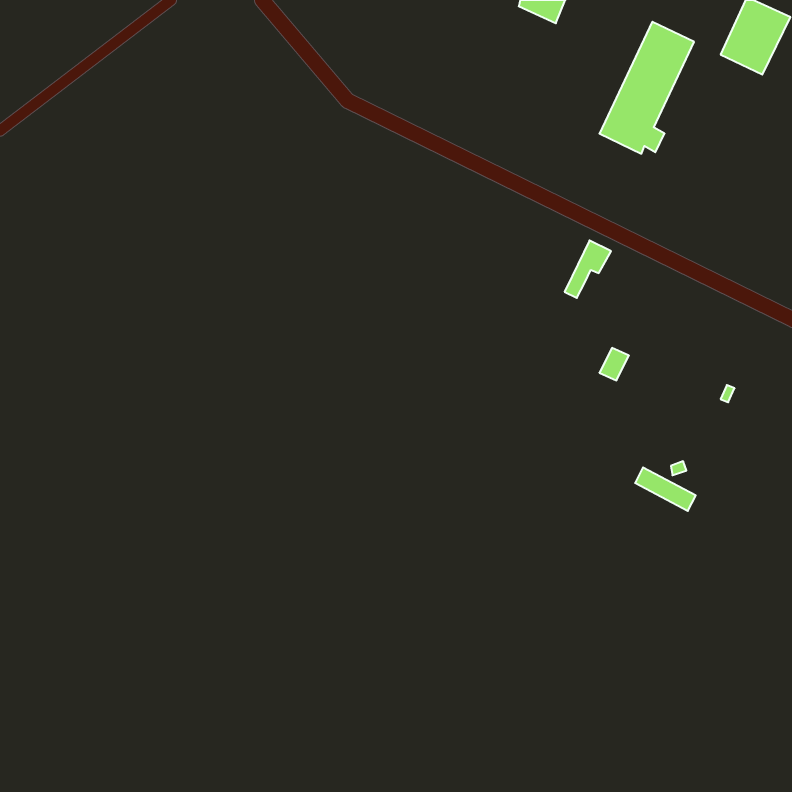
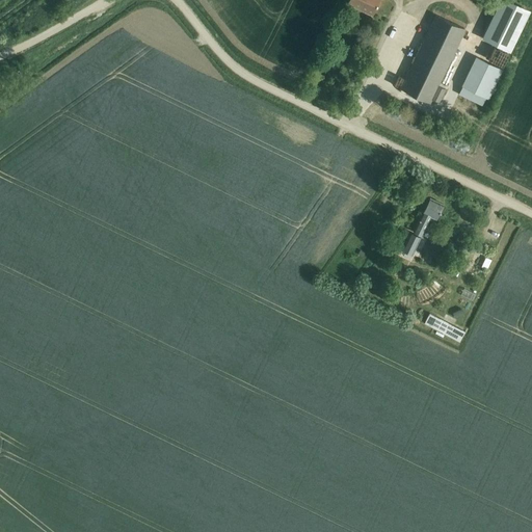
building: none -> [459,57,501,106]
building: [565,240,611,298] -> [414,198,445,237]

